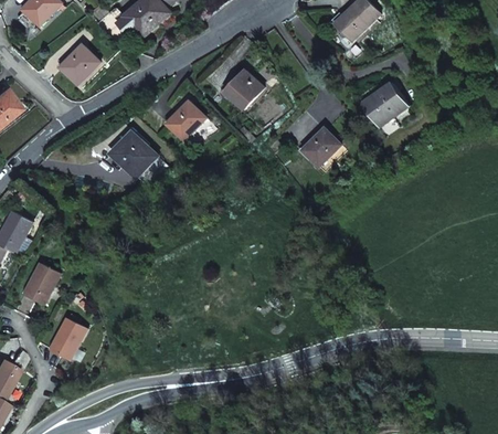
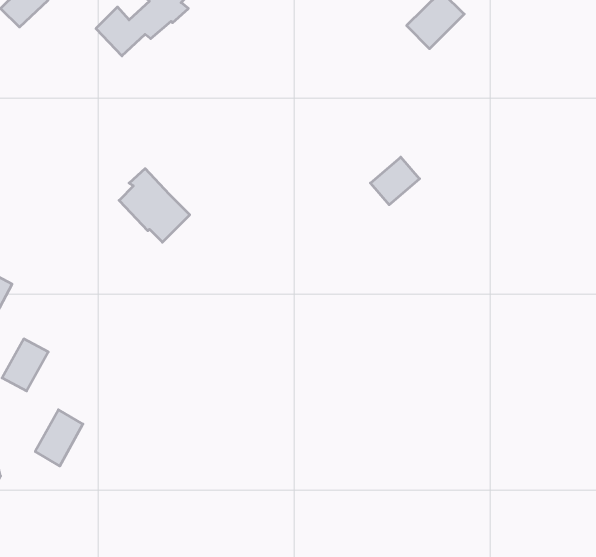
building: [62,46,100,84] -> none
building: [229,67,268,108] -> none
building: [367,82,412,129] -> none
building: [169,100,208,139] -> none

